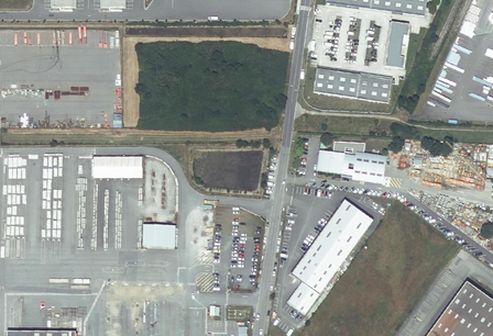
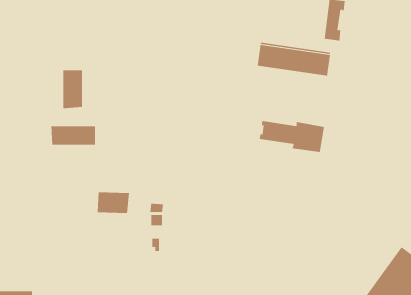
building: none -> [63,70,82,109]
building: [287,199,373,314] -> none

